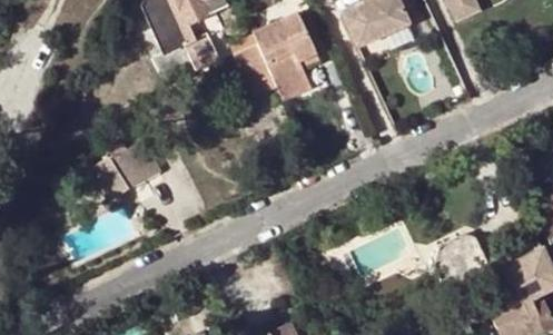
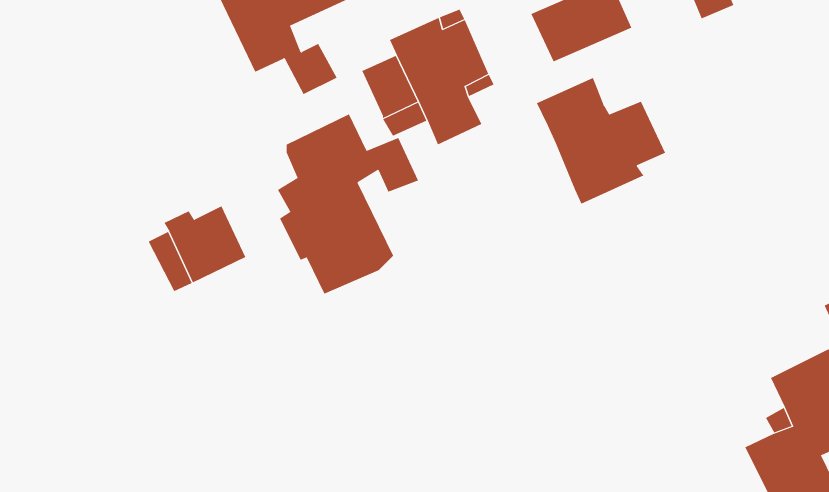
building: none -> [536,77,666,205]
building: none -> [277,114,419,294]
building: [441,234,492,285] -> none

